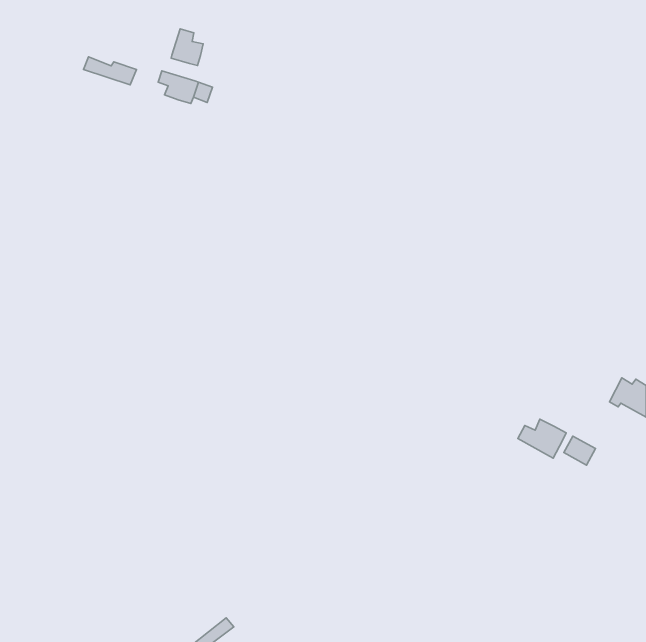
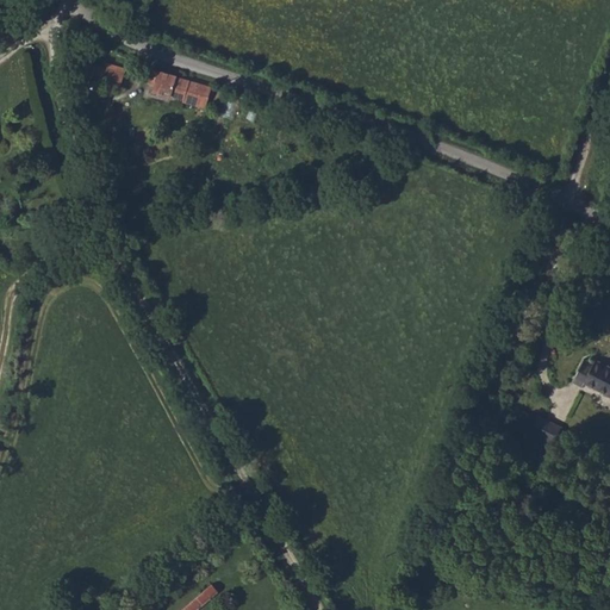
building: [171,29,203,66] -> none
building: [518,419,566,458] -> none

